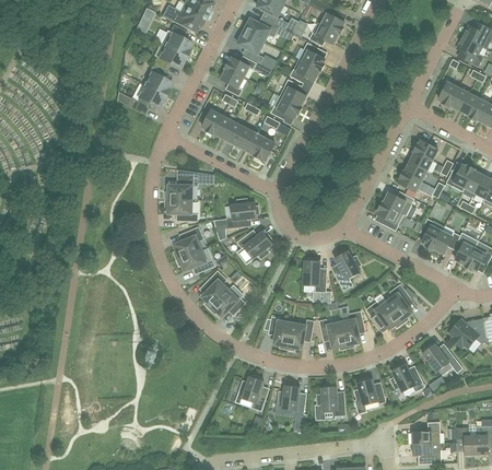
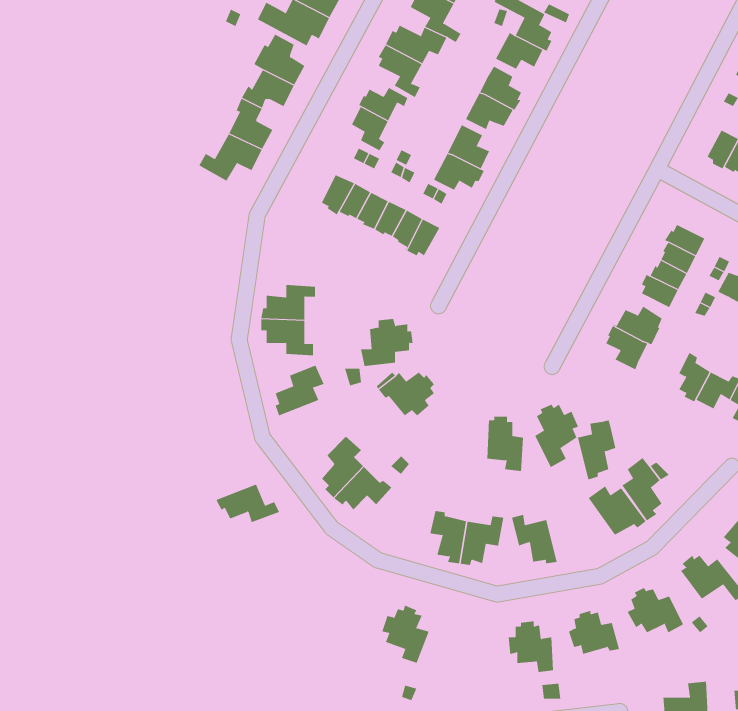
building: [175,248,214,272] -> [216,484,280,523]
building: [340,310,364,348] -> [577,420,616,480]
building: [277,383,305,413] -> none

